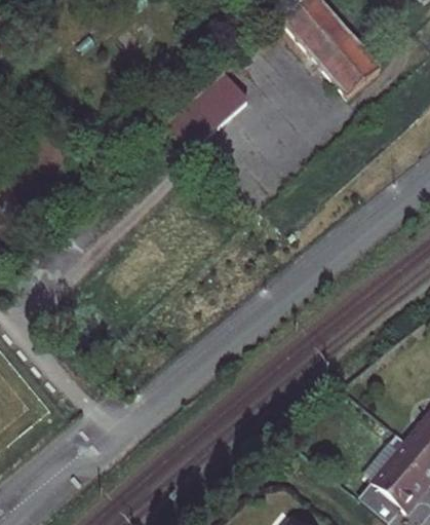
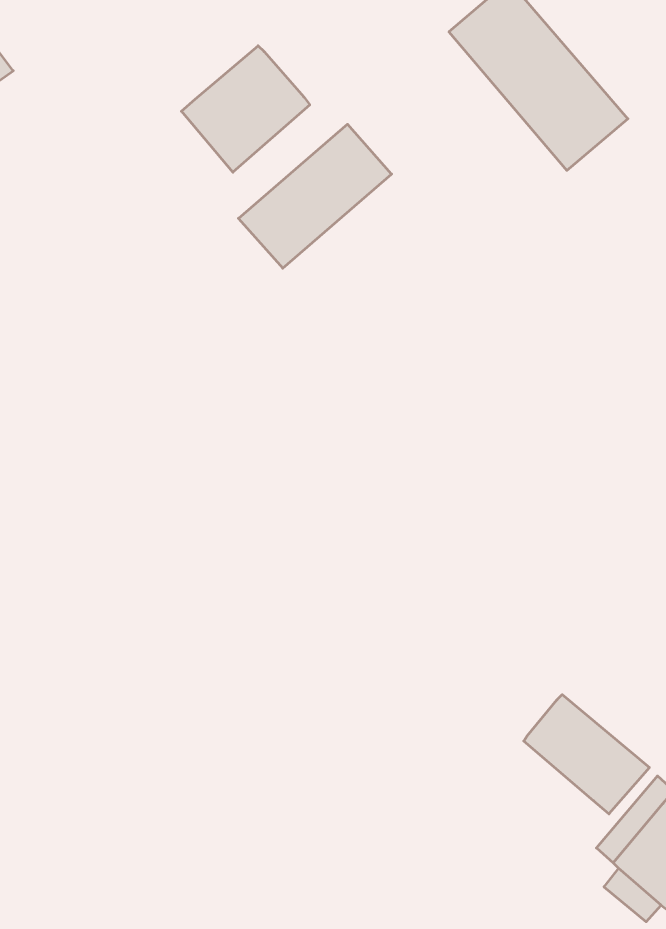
building: none -> [181,46,310,172]
building: none -> [524,695,649,814]

